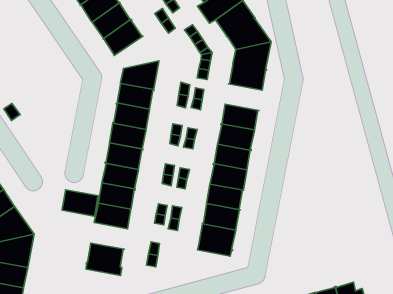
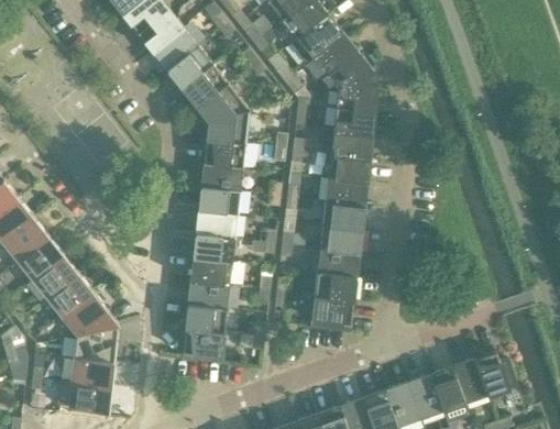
building: none -> [195,82,248,122]
building: none -> [319,130,371,160]
building: [62,190,99,216] -> [184,305,226,333]

